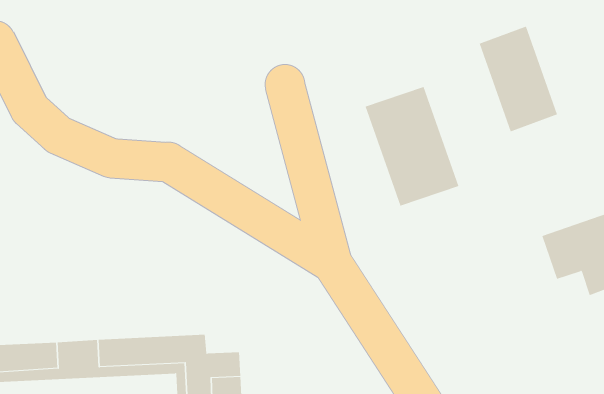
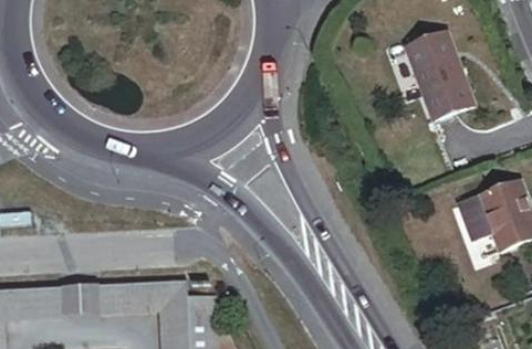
building: [365,86,459,206] -> none

